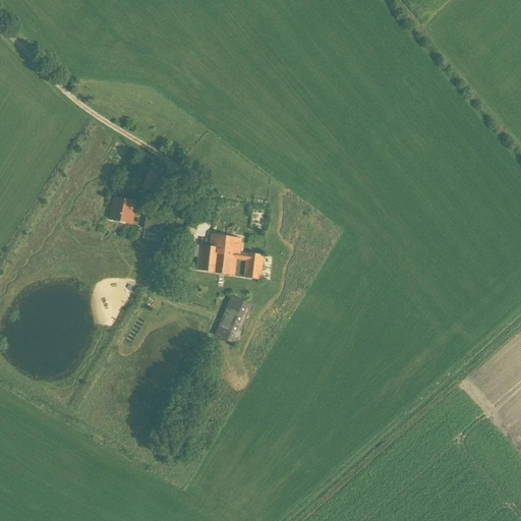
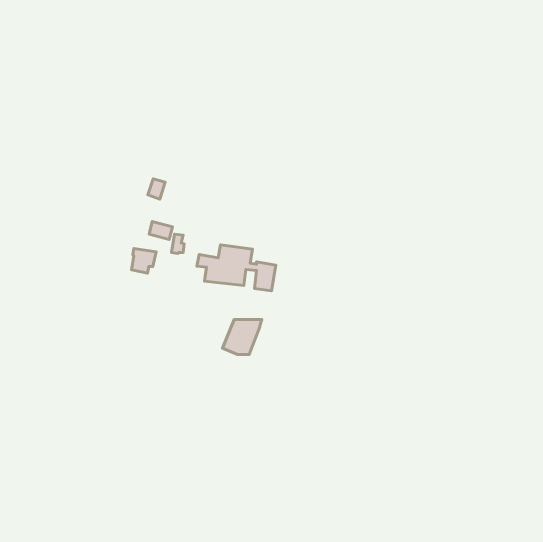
building: [111,197,134,221] -> [132,249,156,273]

